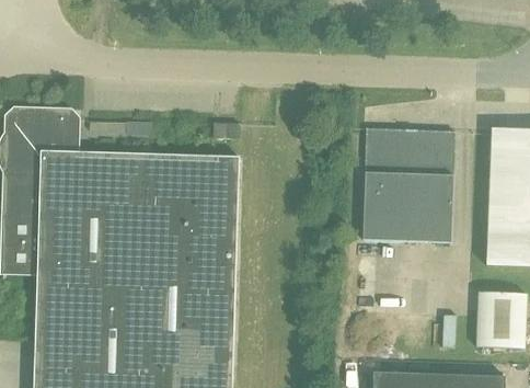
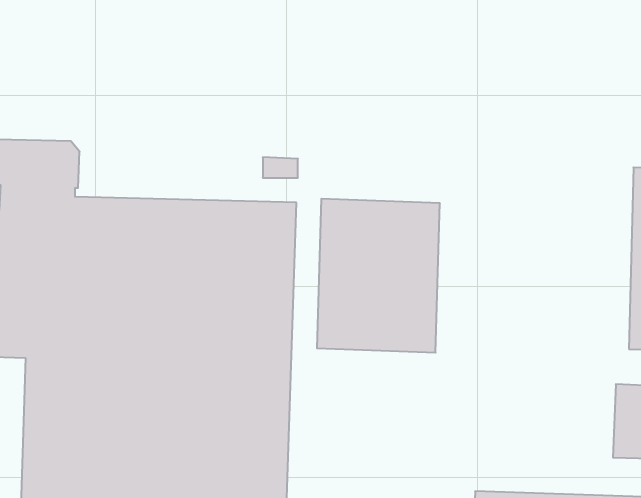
building: [364,127,456,242] -> [317,199,440,353]

